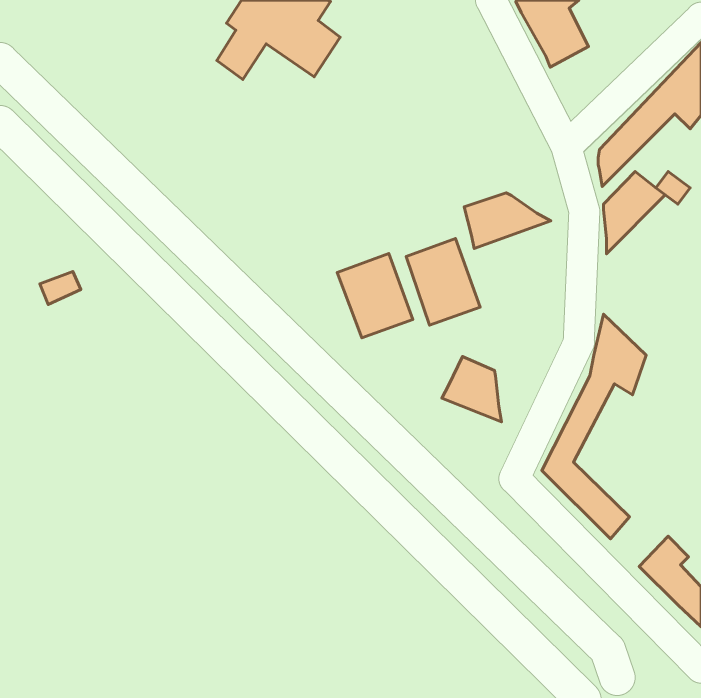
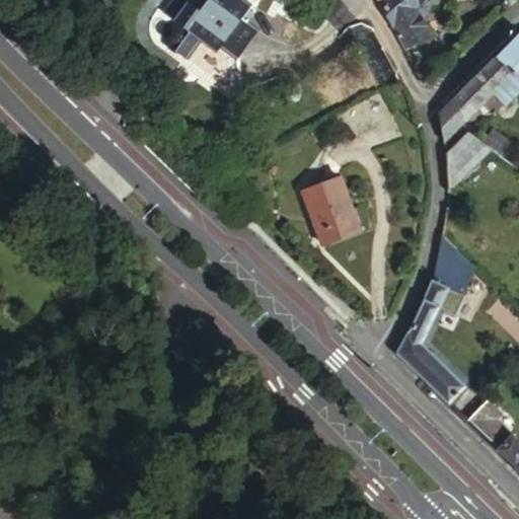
building: [464,193,551,249] -> none
building: [337,253,413,338] -> none
building: [442,356,502,422] -> none

